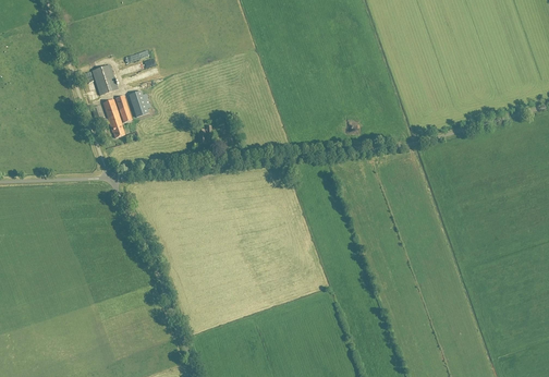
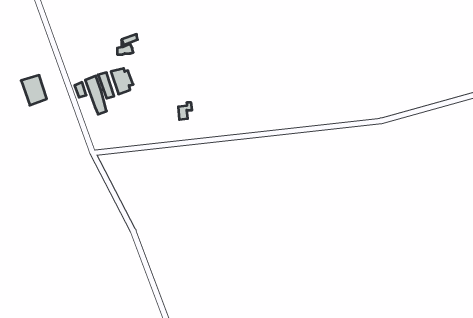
building: [90,64,117,95] -> [21,75,47,105]

